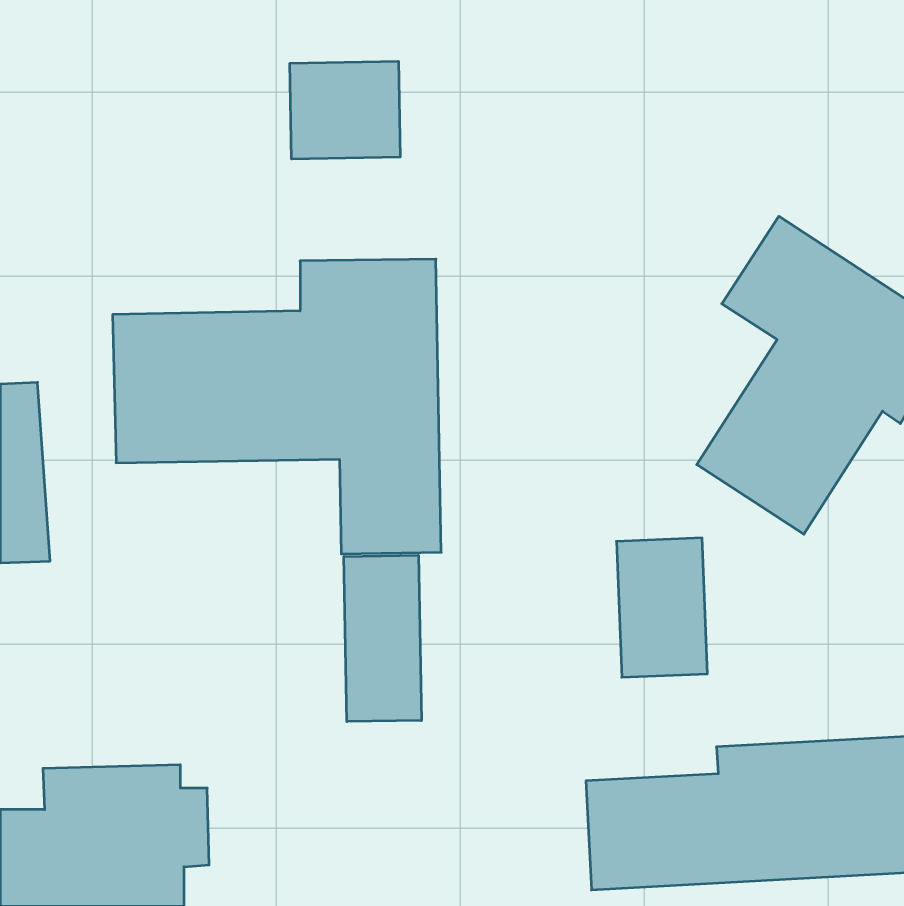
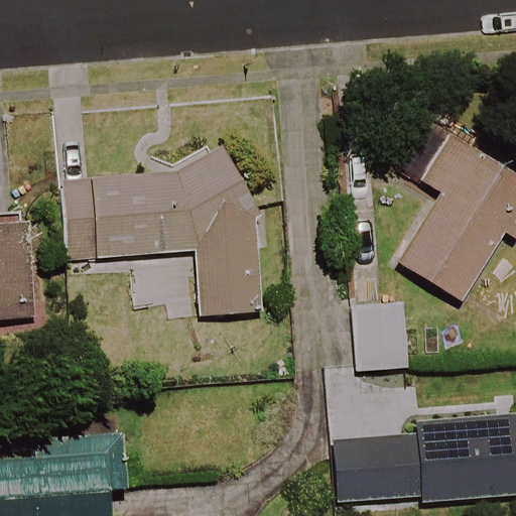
building: [290,61,400,159] -> none
building: [344,555,421,722] -> none

